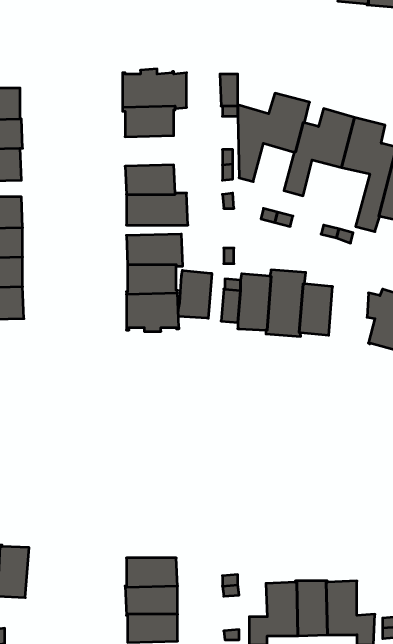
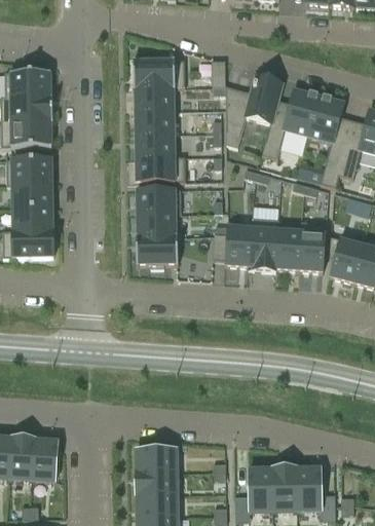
building: none -> [135,109,174,134]
building: [178,270,212,318] -> none
building: none -> [298,220,326,271]

